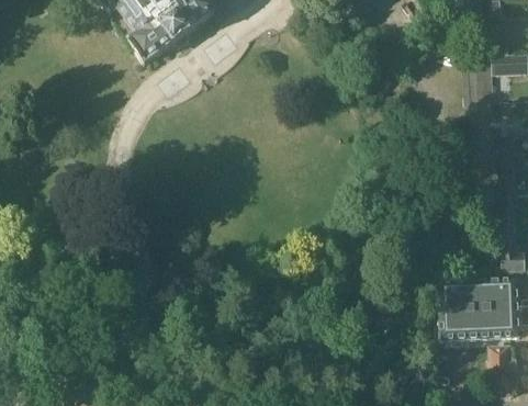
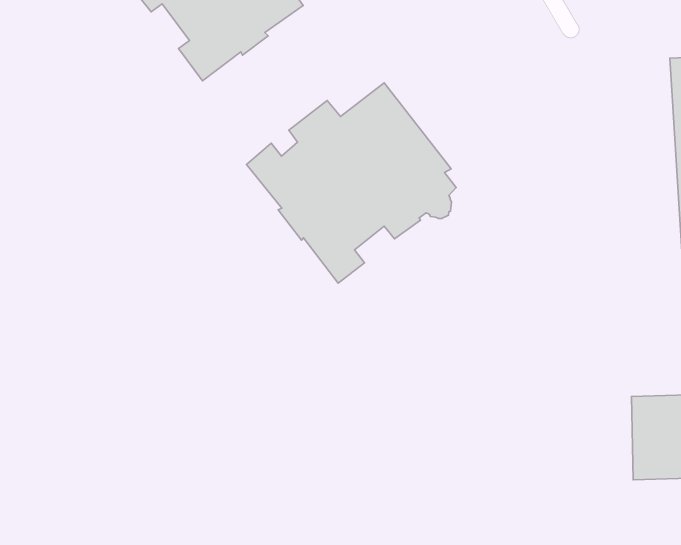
building: none -> [247,83,456,283]

